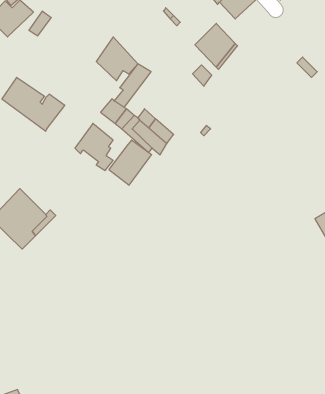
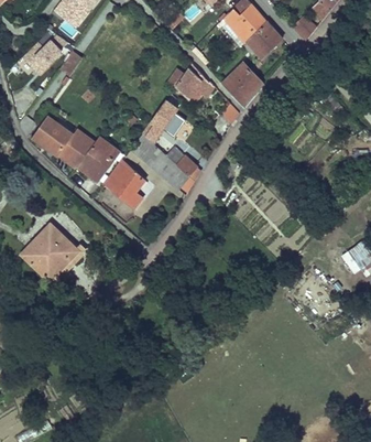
building: [96,37,138,81] -> [175,63,216,106]
building: [109,140,152,185] -> [77,138,119,182]

